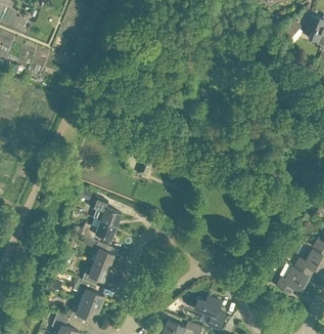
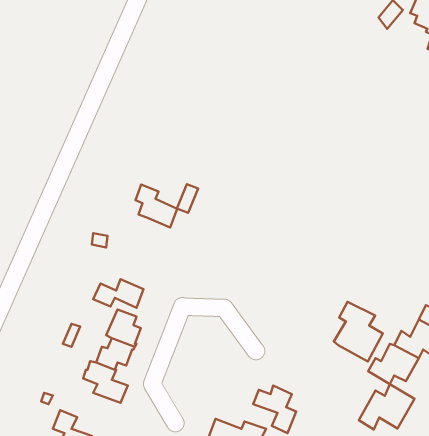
building: [91,196,121,226] -> [135,184,177,228]
building: none -> [334,302,383,362]
building: none -> [359,384,414,429]
building: [68,300,99,323] -> none

